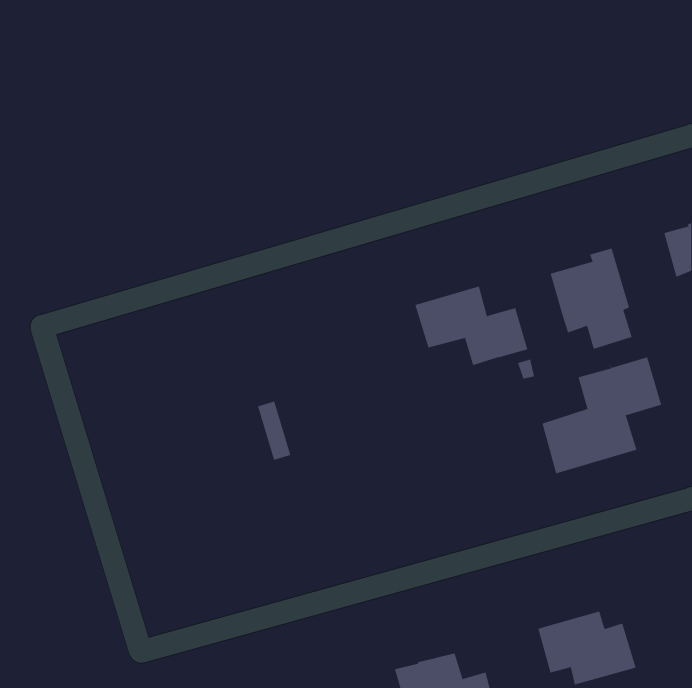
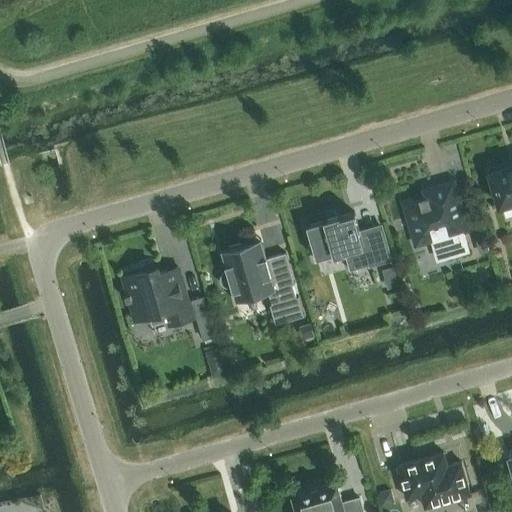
building: none -> [219,241,303,326]
building: [542,356,662,474] -> none
building: none -> [125,269,192,327]

